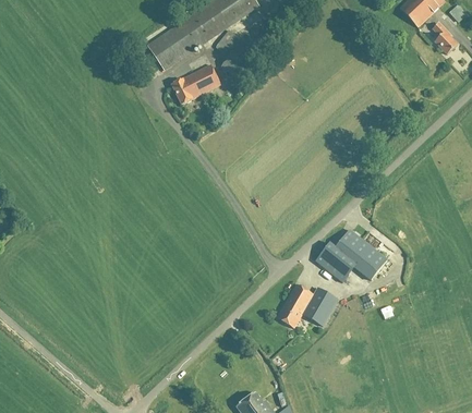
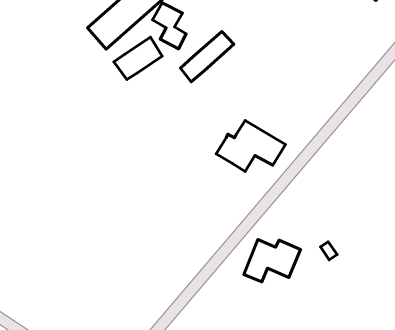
building: none -> [181,32,234,82]
building: [315,229,387,281] -> [216,120,285,172]

